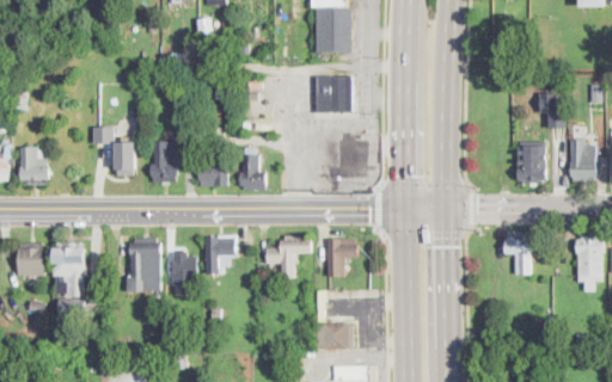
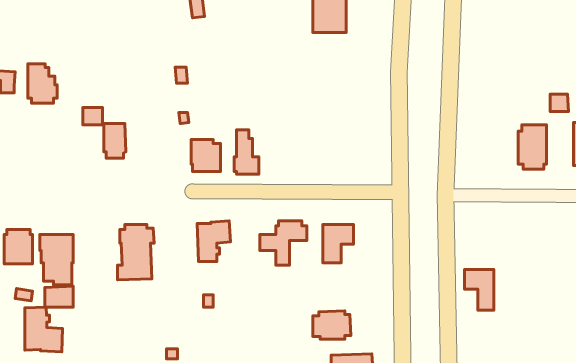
building: [317,72,351,111] -> none
building: [151,142,178,183] -> none
building: [20,147,49,185] -> [28,64,57,103]
building: [502,235,531,275] -> [464,270,494,310]
building: [172,254,197,284] -> none
building: none -> [25,307,63,352]

